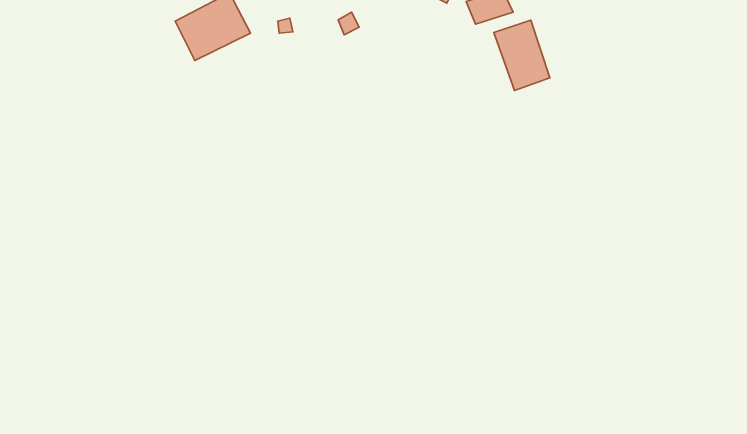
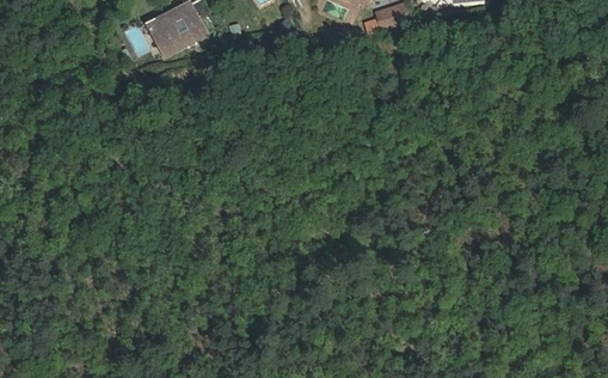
building: [494,20,550,90] -> none

